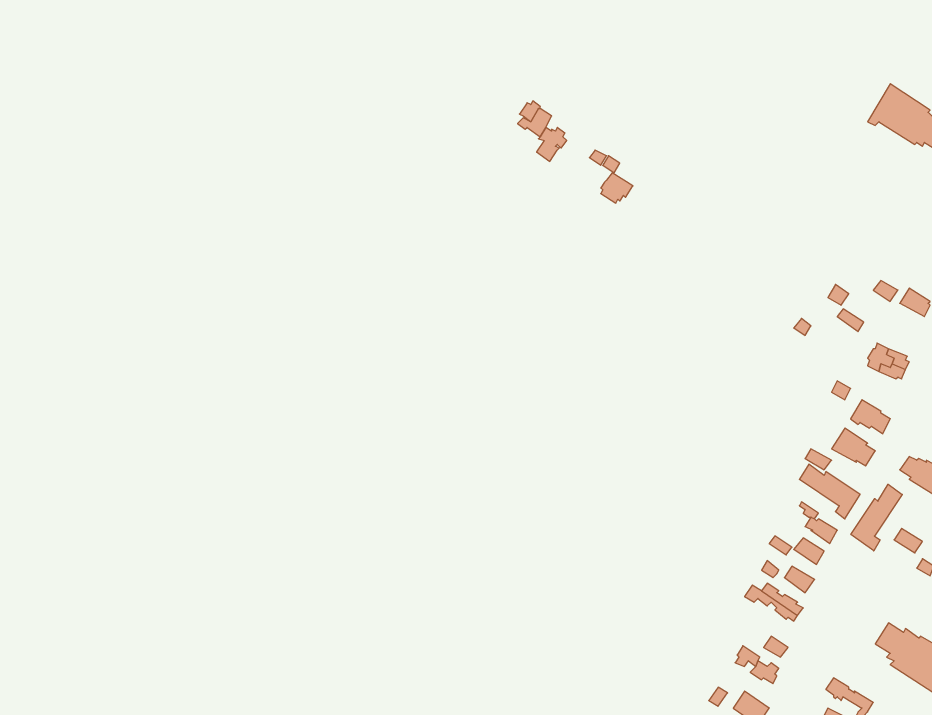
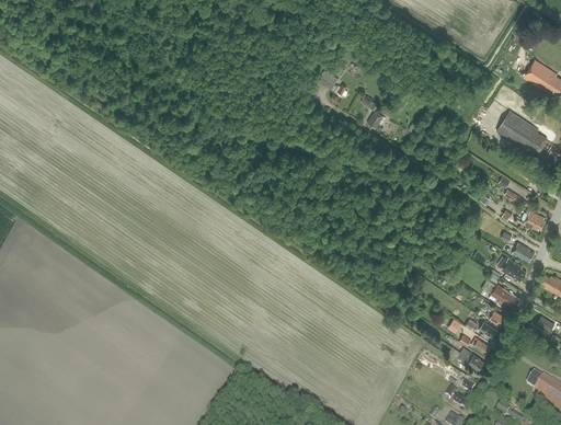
building: none -> [496,110,547,153]
building: [851,484,902,551] -> none

